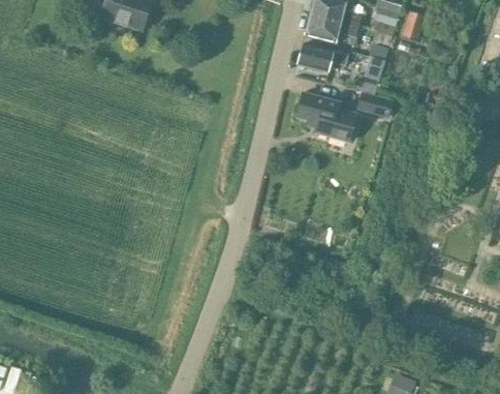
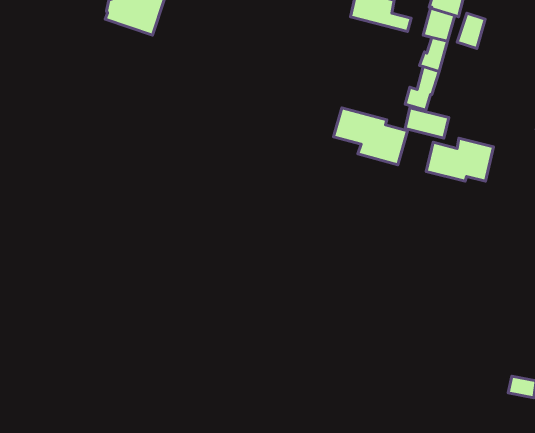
building: [305,16,358,43] -> none
building: [298,42,348,72] -> none
building: none -> [426,138,494,181]

